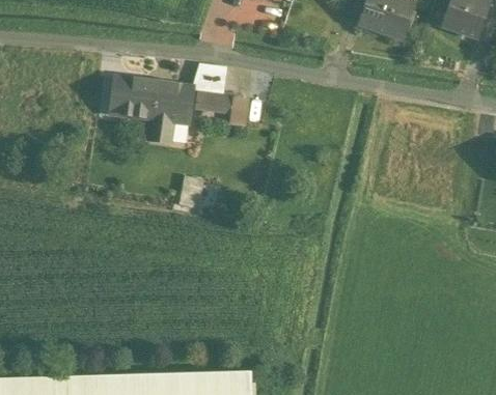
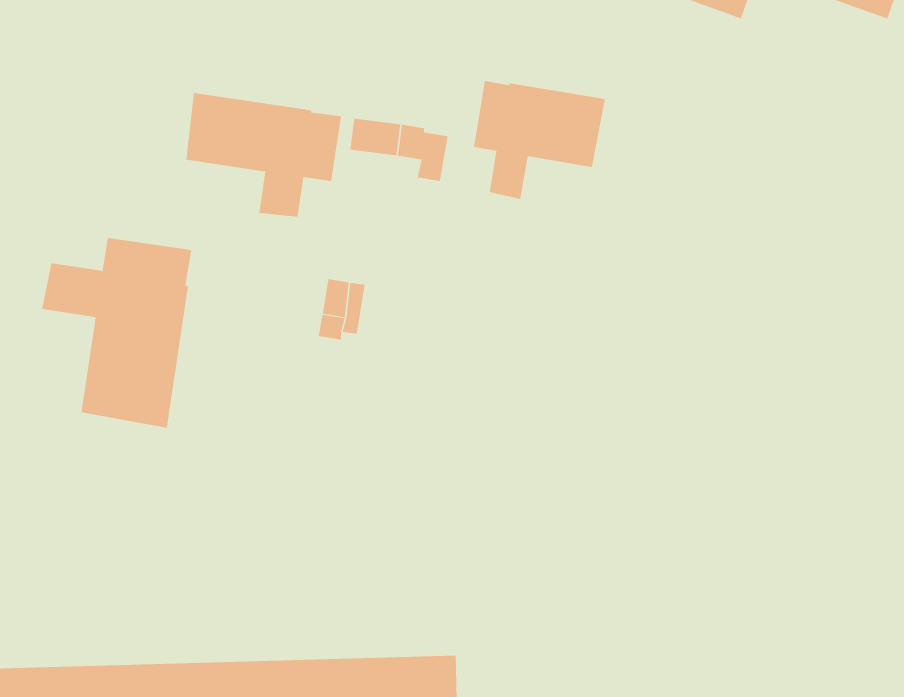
building: none -> [473,80,606,200]
building: none -> [41,237,192,428]

